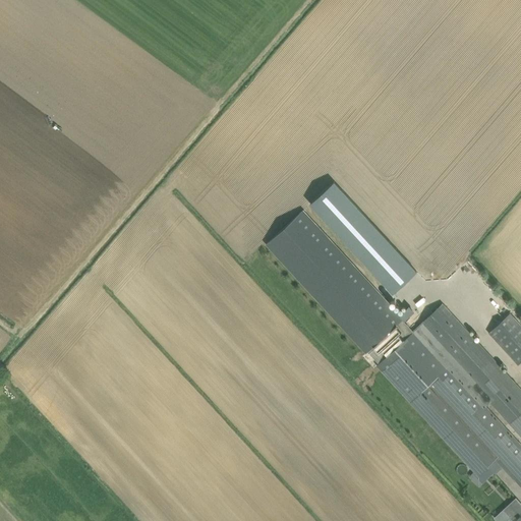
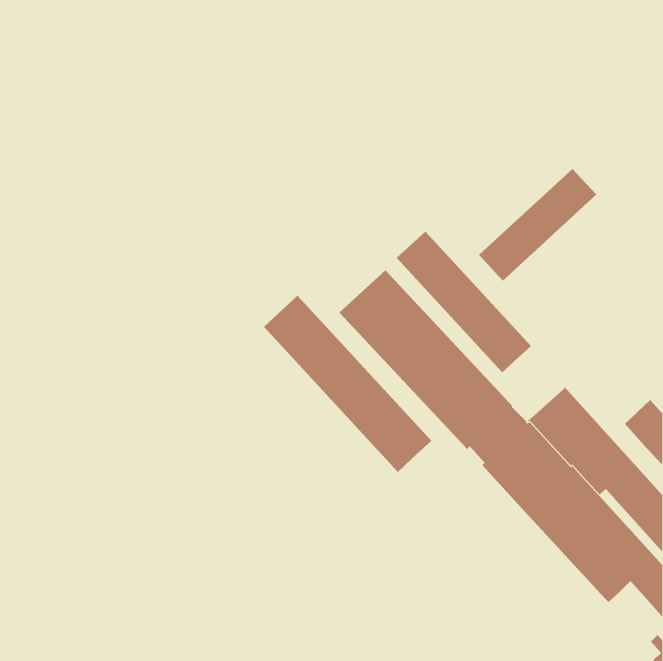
building: none -> [478,168,597,281]
building: none -> [263,295,432,473]

